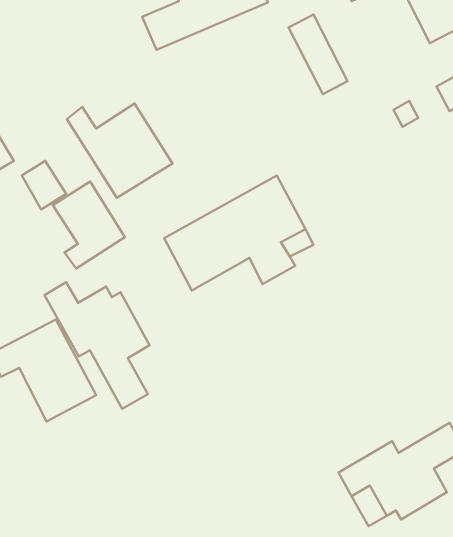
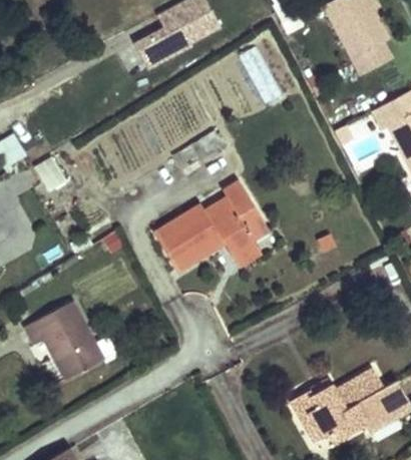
building: [67,103,172,198] -> none
building: [53,182,125,268] -> none
building: [45,282,149,409] -> none

